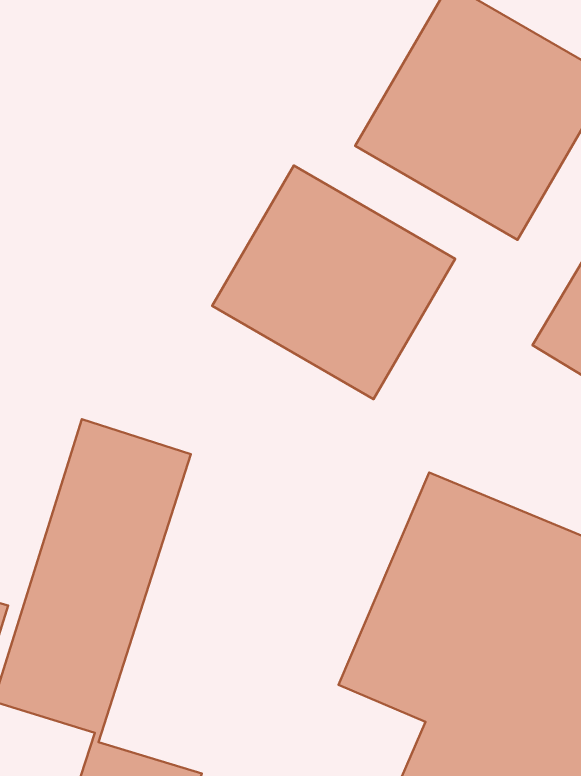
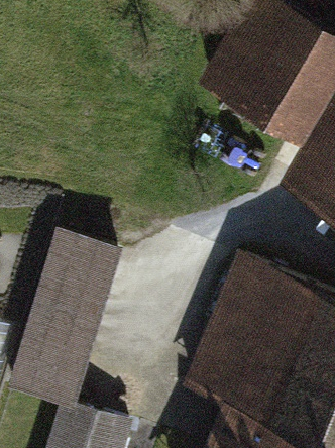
building: [212,165,455,399] -> none

